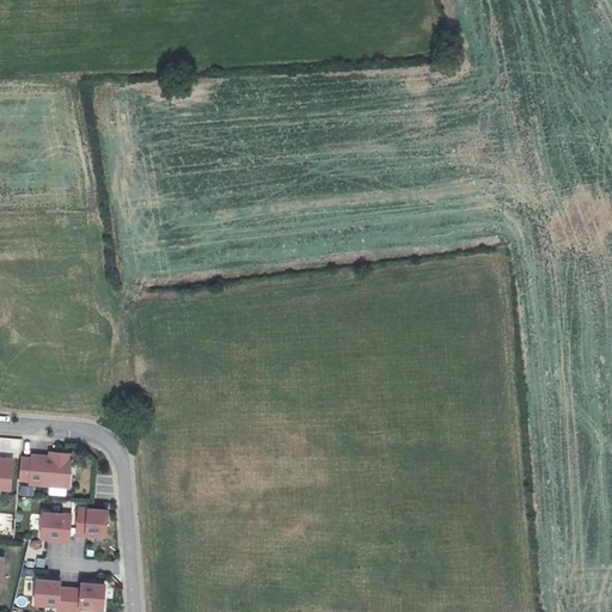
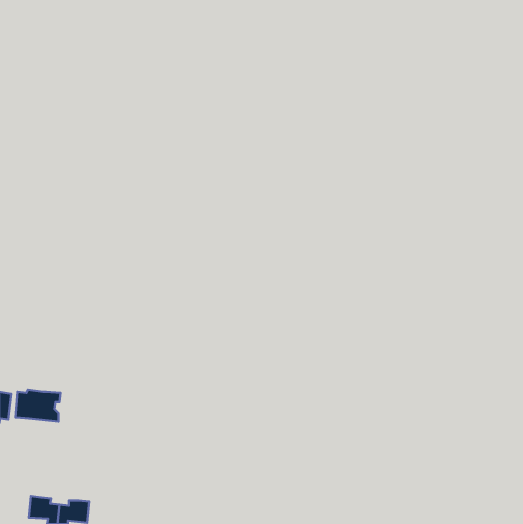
building: [75,508,108,536] -> none
building: [41,513,72,543] -> none

